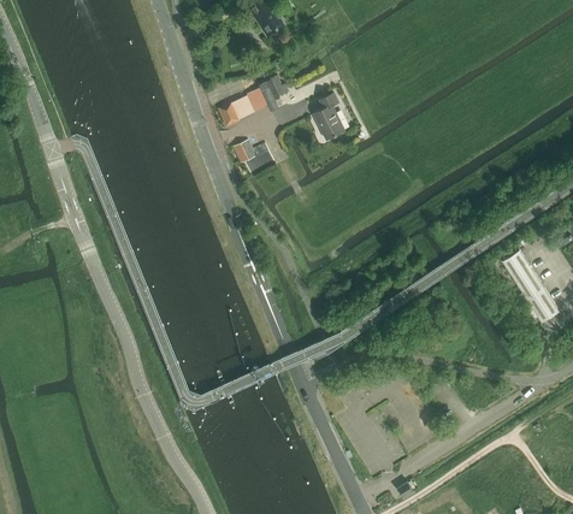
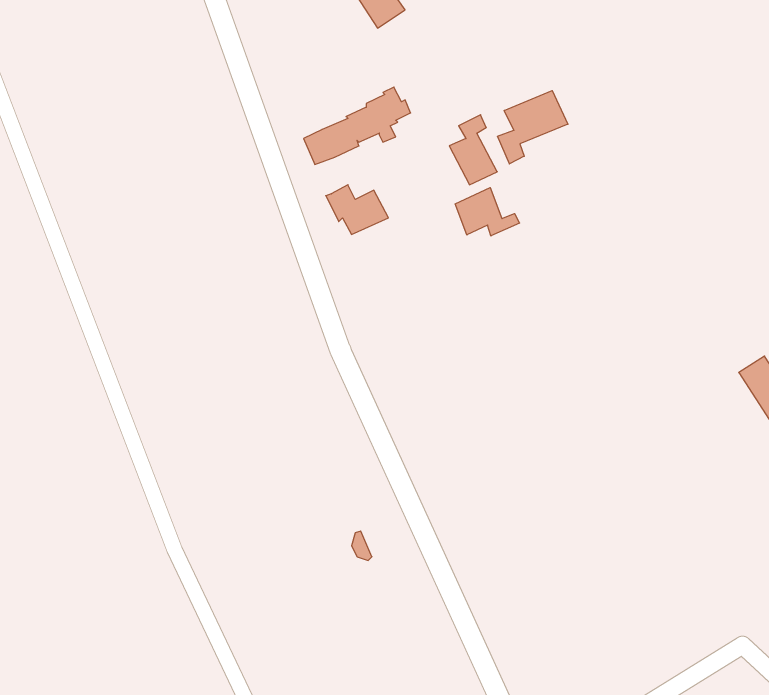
building: none -> [497,91,568,164]
building: none -> [455,188,520,236]

